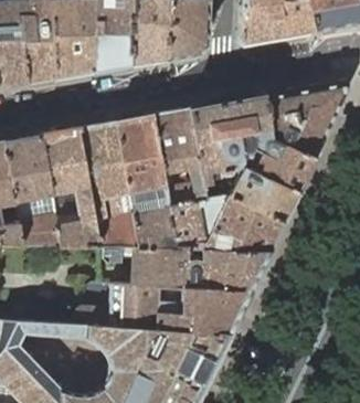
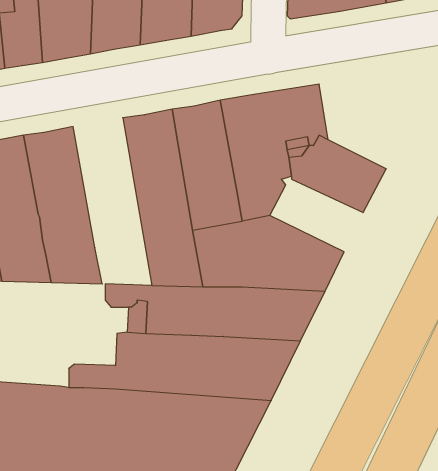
building: [265,79,349,159] -> none
building: [78,120,138,247] -> none
building: [227,165,298,222] -> none

